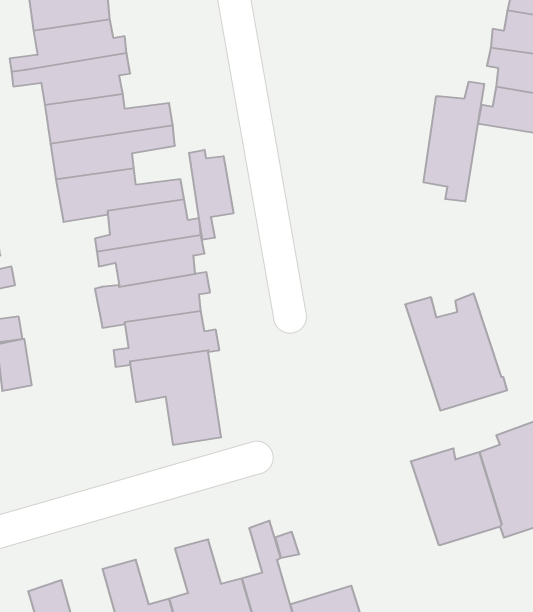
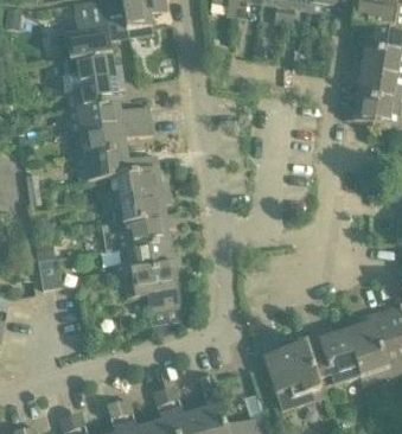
building: [424,82,484,202] -> none
building: [189,150,233,240] -> none
building: [405,293,507,410] -> [259,334,324,409]

